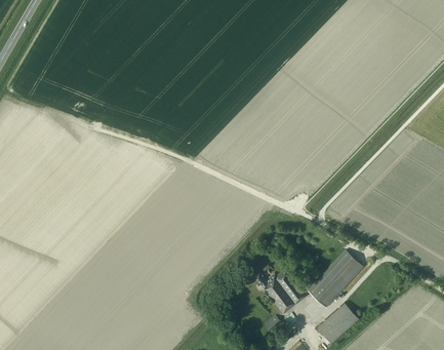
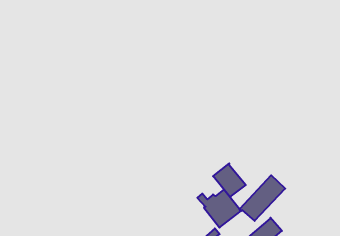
building: none -> [213,163,246,197]

